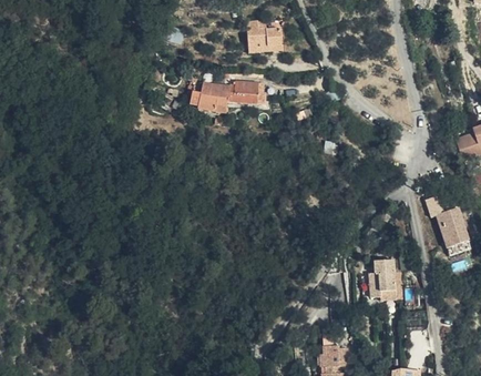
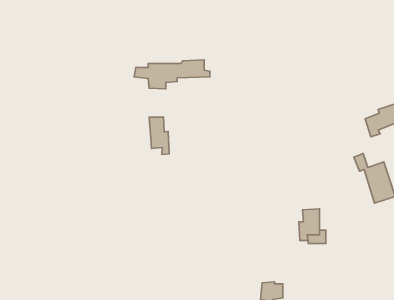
building: [240,16,278,43] -> none
building: none -> [149,117,169,154]

